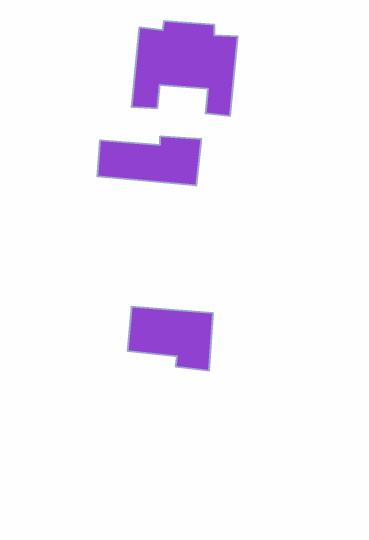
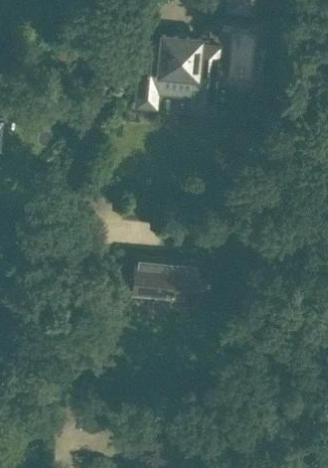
building: [97,136,201,186] -> none

